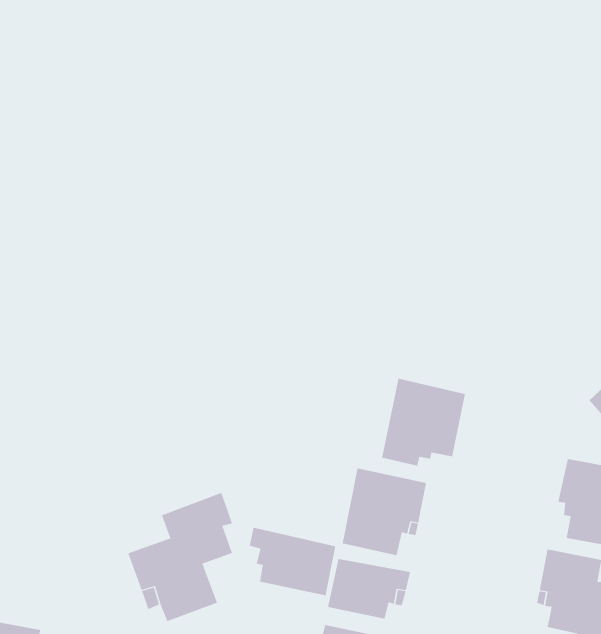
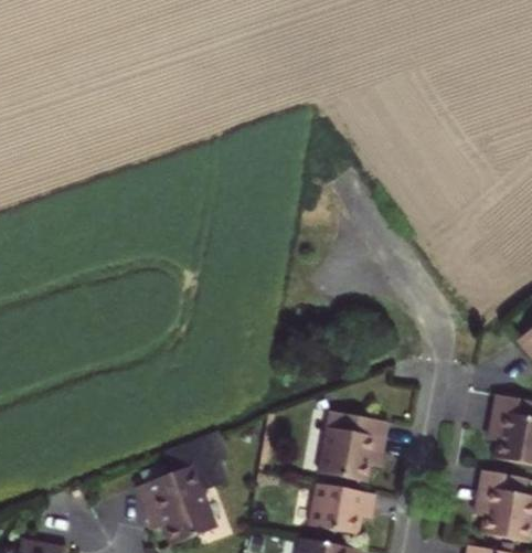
building: [381,378,466,466] -> none
building: [249,527,336,596] -> none

